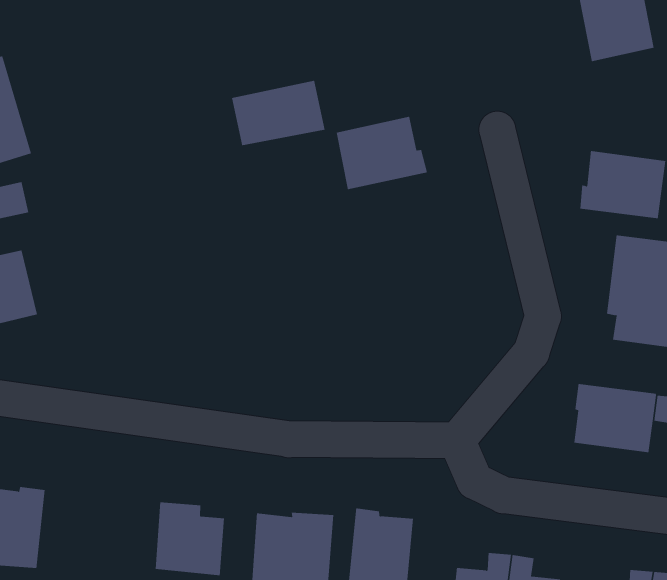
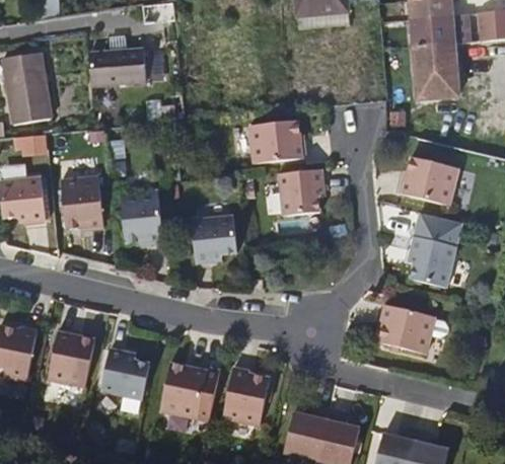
building: [231,80,325,146] -> [91,48,149,84]
building: none -> [277,169,323,216]
building: none -> [60,177,103,231]
building: none -> [119,191,162,245]
building: none -> [191,216,236,263]
building: none -> [47,328,94,387]

